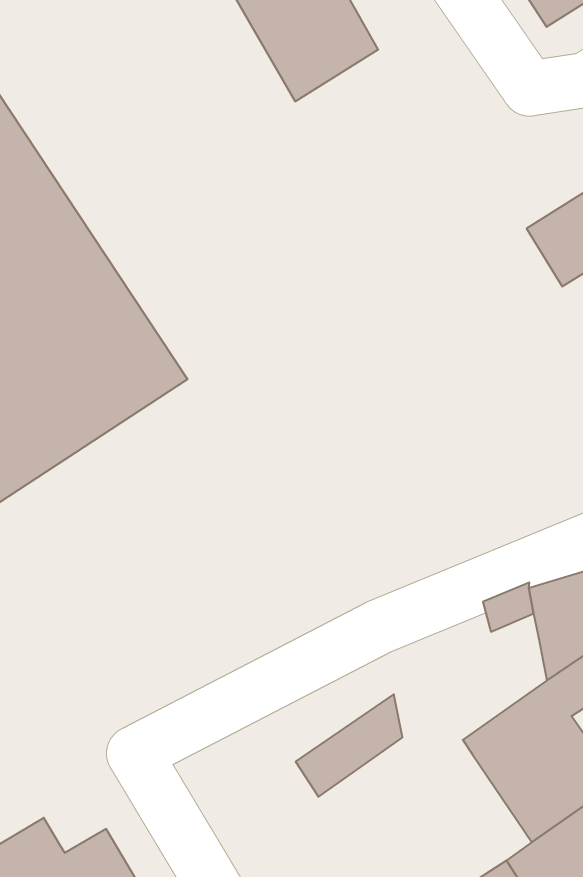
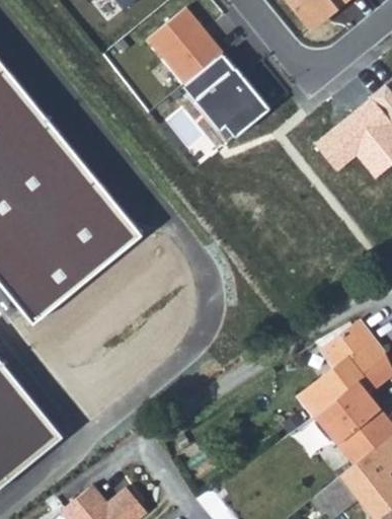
building: none -> [184,56,270,139]
building: [296,694,402,797] -> [298,356,352,415]

